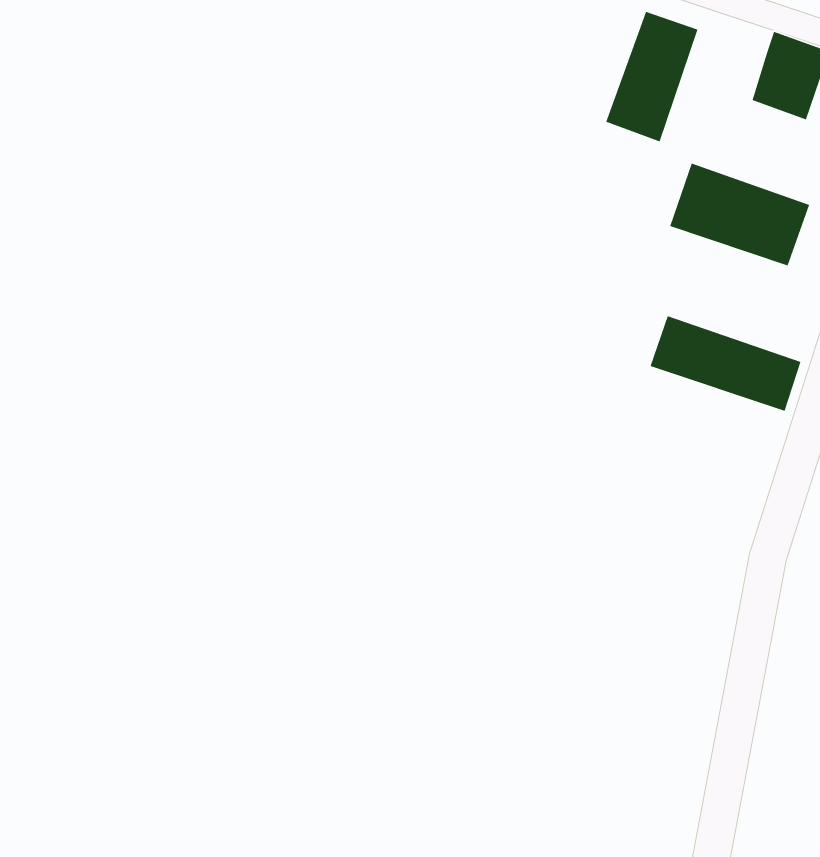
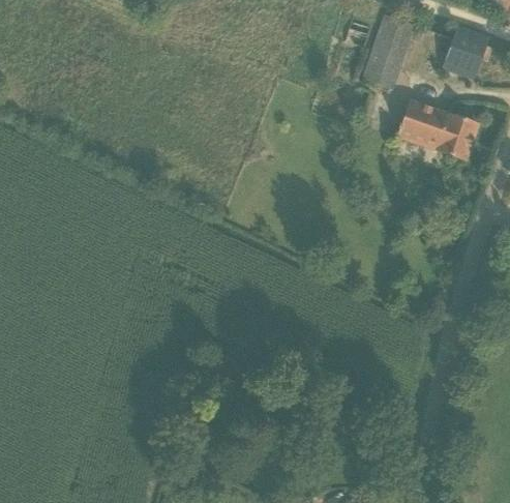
building: [649,315,802,412] -> none

